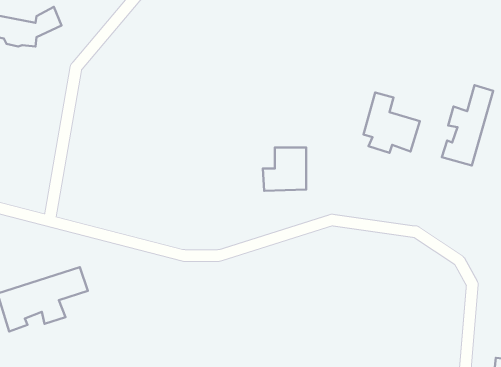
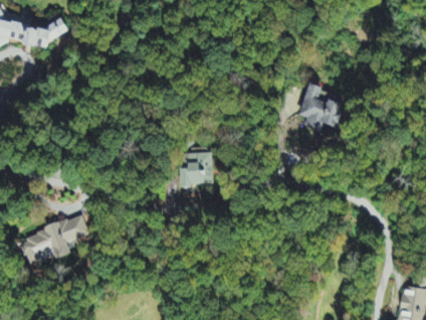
building: [442,85,493,166] -> none
building: [263,148,306,191] -> [179,152,212,185]

